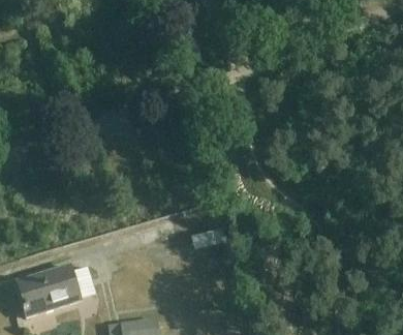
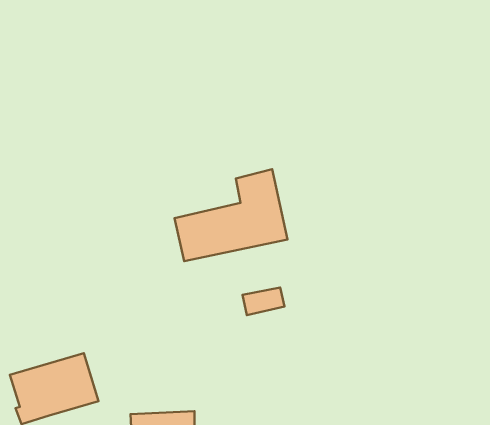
building: none -> [174,169,287,261]

